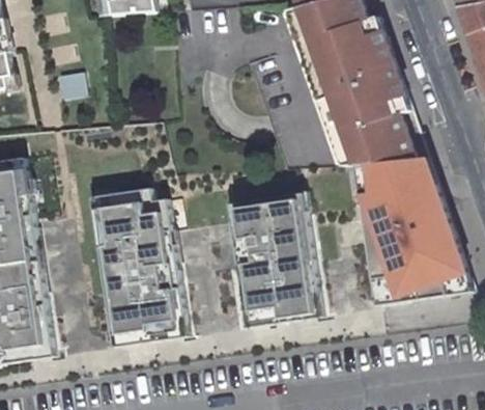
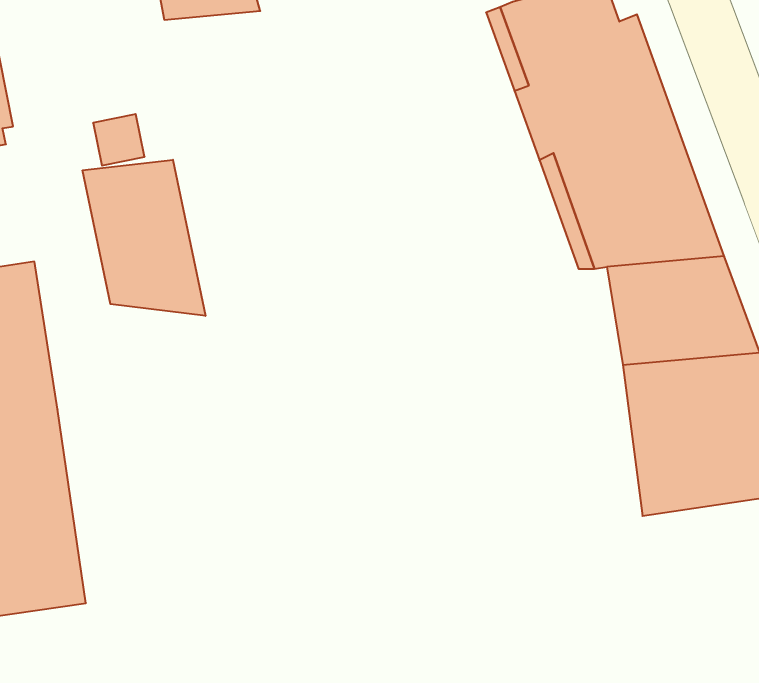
building: none -> [83,160,205,316]
building: [93,187,187,346] -> none
building: [230,192,321,326] -> none

